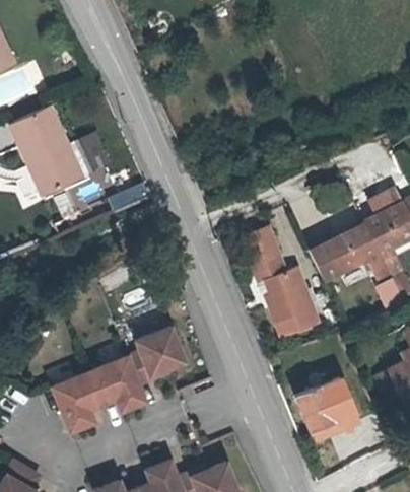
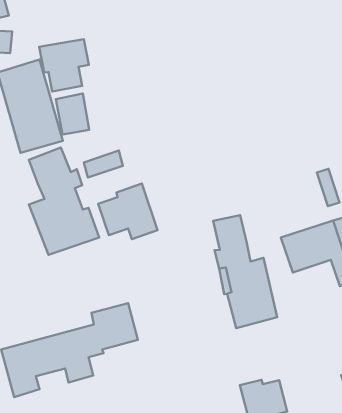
building: none -> [39,39,89,91]
building: none -> [29,148,99,255]
building: none -> [98,183,157,239]

